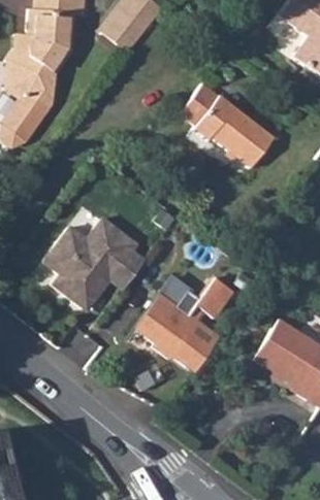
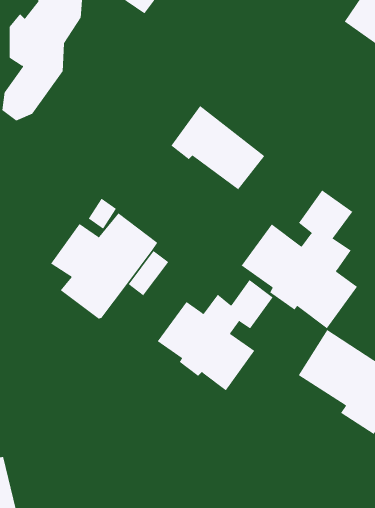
building: [193,94,274,166] -> [171,105,265,190]
building: none -> [241,190,358,329]

